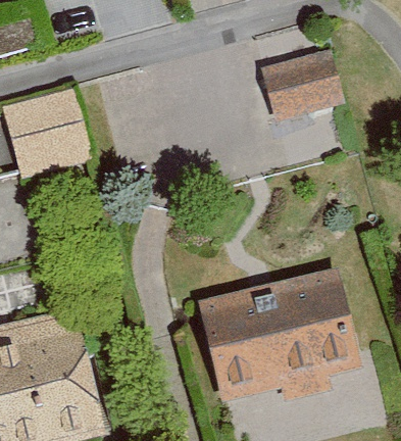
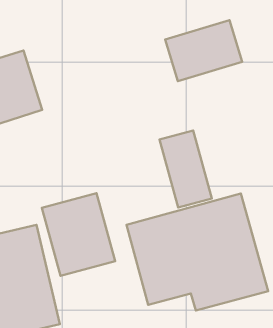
building: none -> [159,130,212,207]
building: none -> [42,193,115,276]

